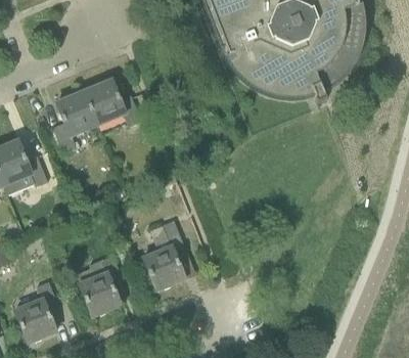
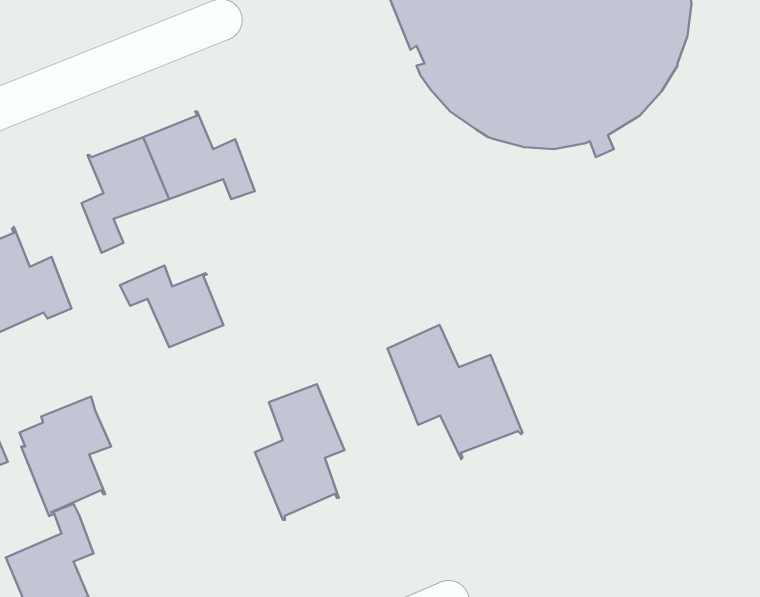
building: none -> [120,266,224,347]
building: none -> [388,325,523,459]
building: [77,255,124,316] -> [19,397,111,516]

